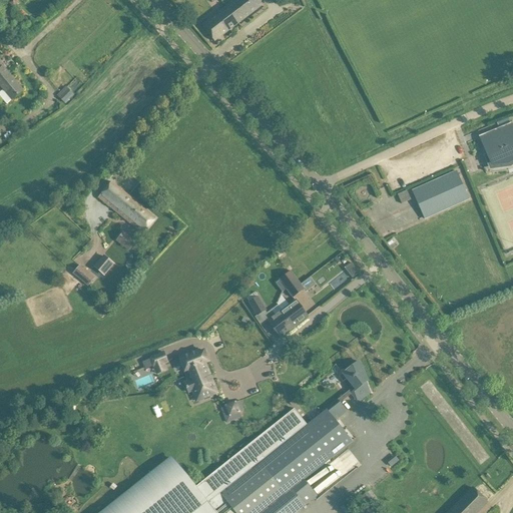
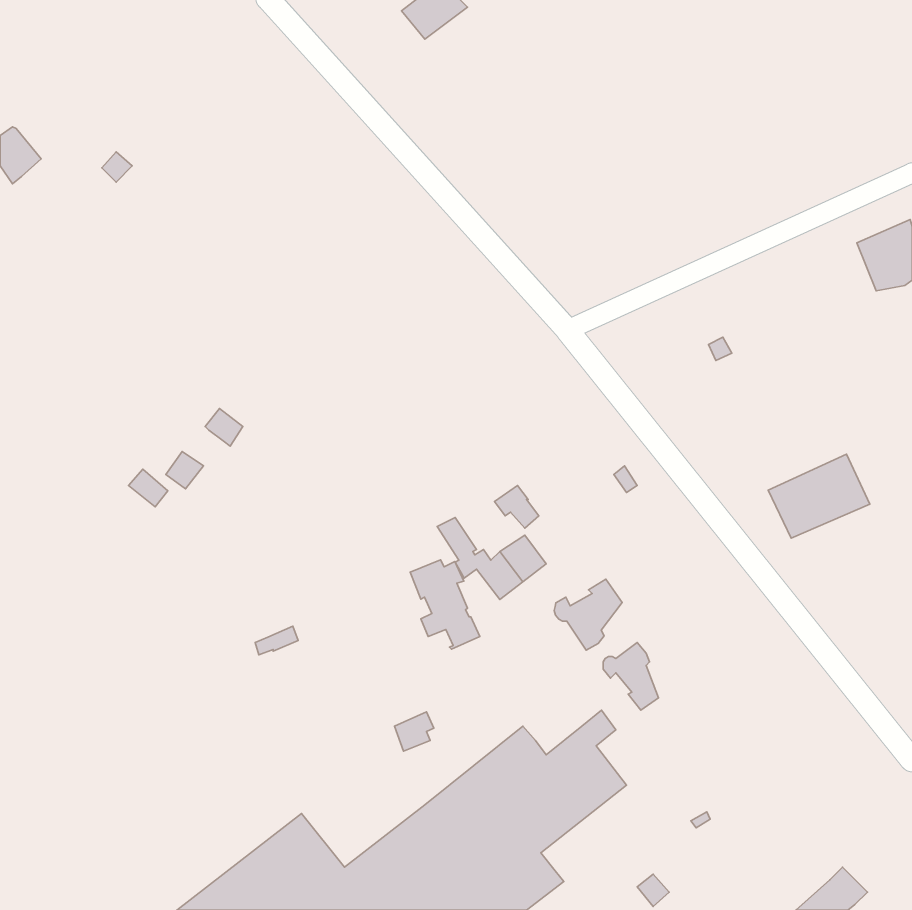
building: [201,6,238,40] -> none
building: [412,170,469,217] -> [768,454,870,538]
building: [98,181,155,232] -> none
building: none -> [554,579,622,650]
building: [178,349,217,399] -> [410,560,480,649]

